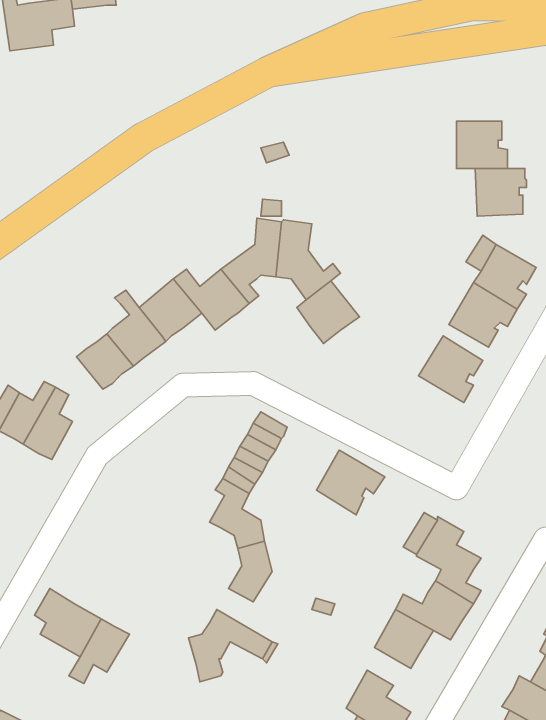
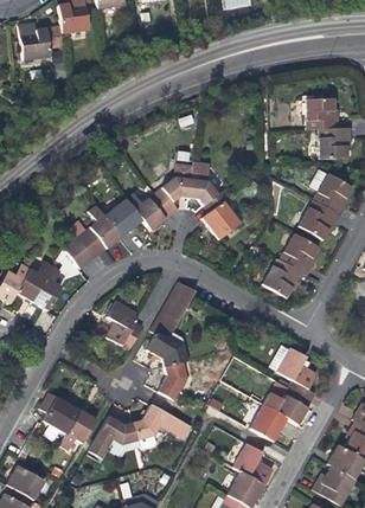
building: none -> [107,300,143,349]
building: [316,450,385,515] -> [261,257,303,297]
building: none -> [89,416,139,458]

